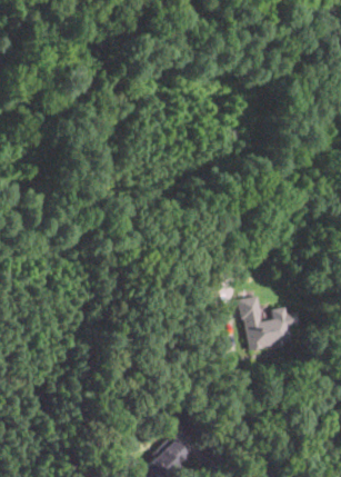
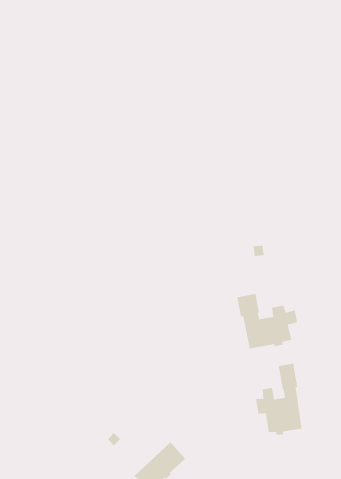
building: none -> [255,363,302,436]

